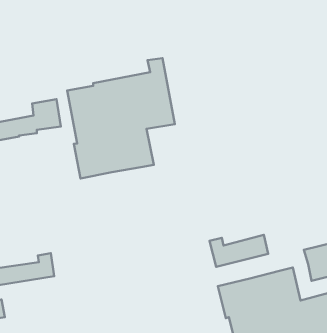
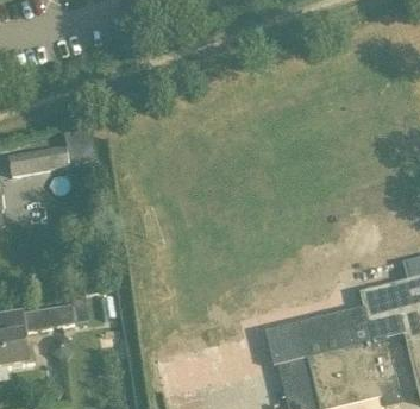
building: [67,58,175,178] -> none
building: [210,235,268,267] -> none

